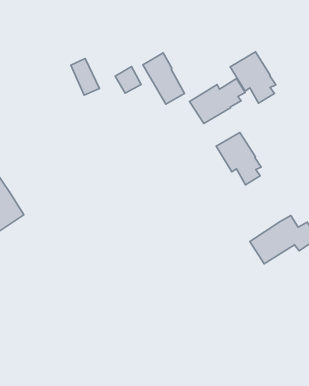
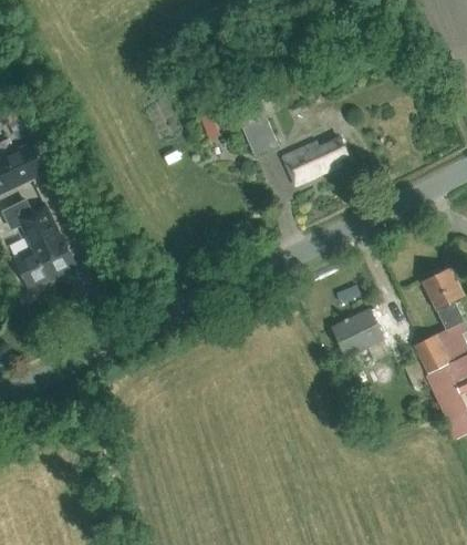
building: [230,52,276,103] -> none
building: [216,132,261,185] -> none

